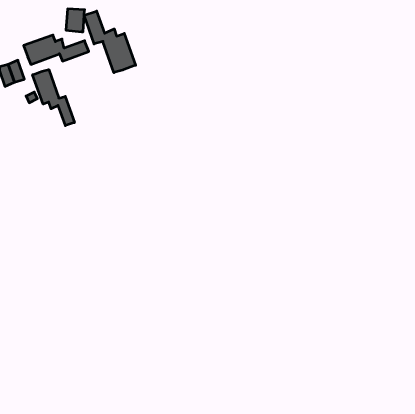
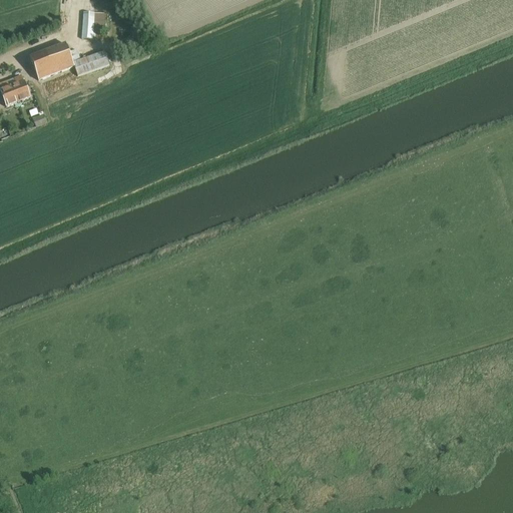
building: [84,11,136,73] -> none
building: [33,70,74,126] -> none

